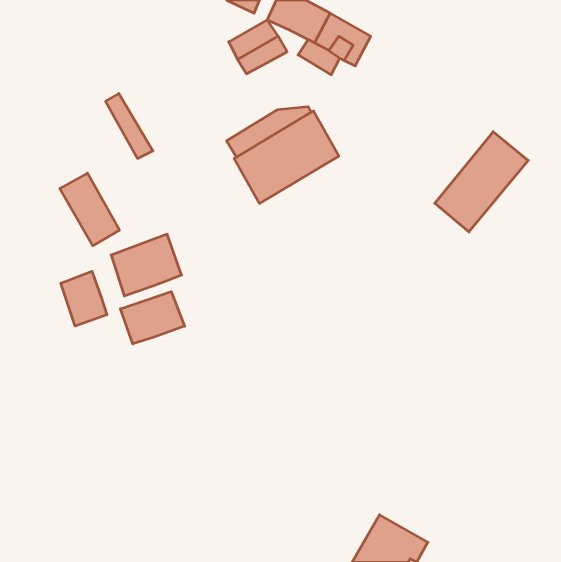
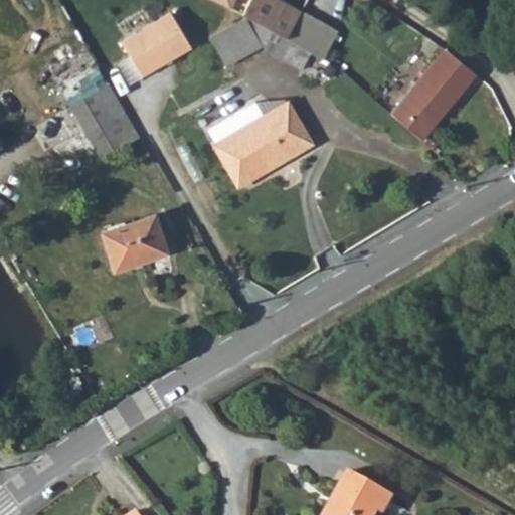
building: none -> [123,13,193,77]
building: [435,132,528,232] -> [391,48,477,140]
building: [60,173,119,246] -> [72,93,127,159]
building: [61,271,107,326] -> none
building: [120,292,185,344] -> none

